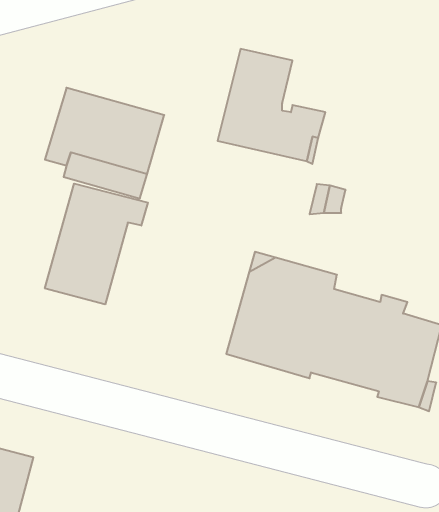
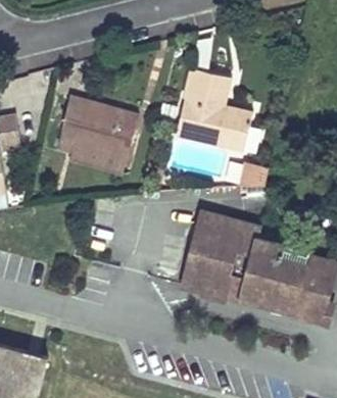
building: [45,184,148,304] -> none

